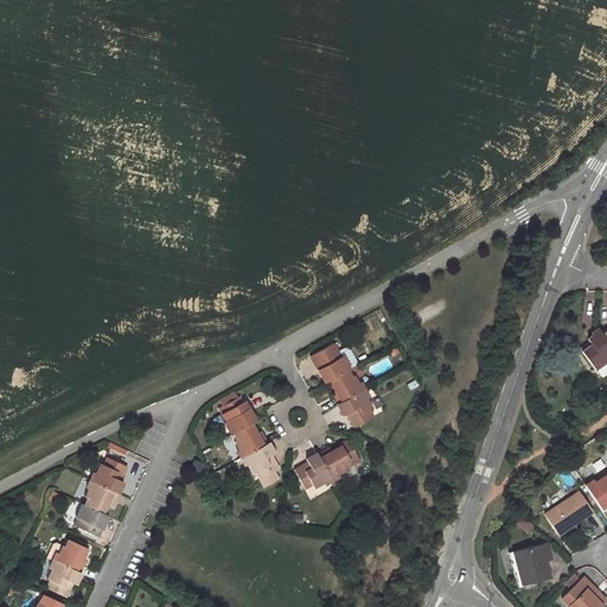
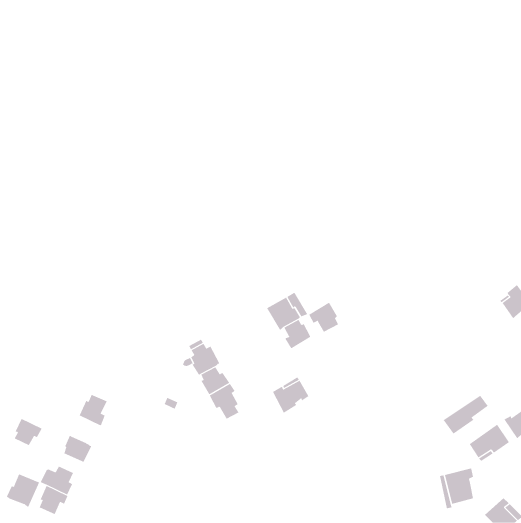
building: [338,390,373,426] -> [308,302,339,333]
building: [296,453,331,488] -> none
building: none -> [443,395,488,435]
building: [85,481,119,513] -> [14,418,43,446]
building: none -> [6,473,40,508]

